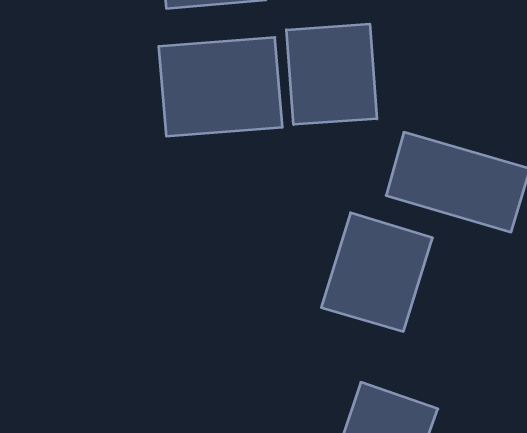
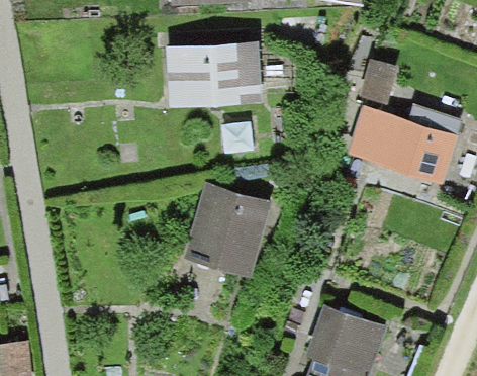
building: [286,24,377,125] -> none
building: [321,213,433,331] -> [184,185,273,280]

